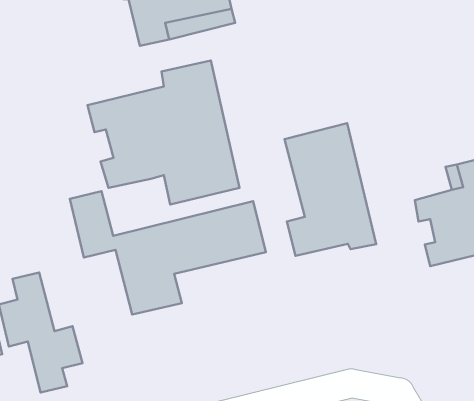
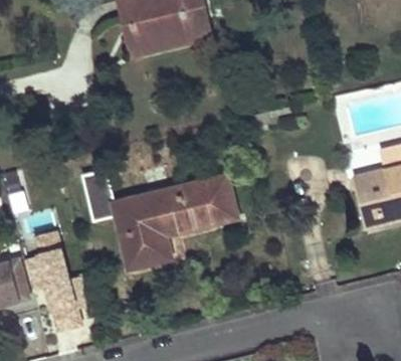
building: [88,61,239,204] -> none
building: [284,123,376,256] -> none

